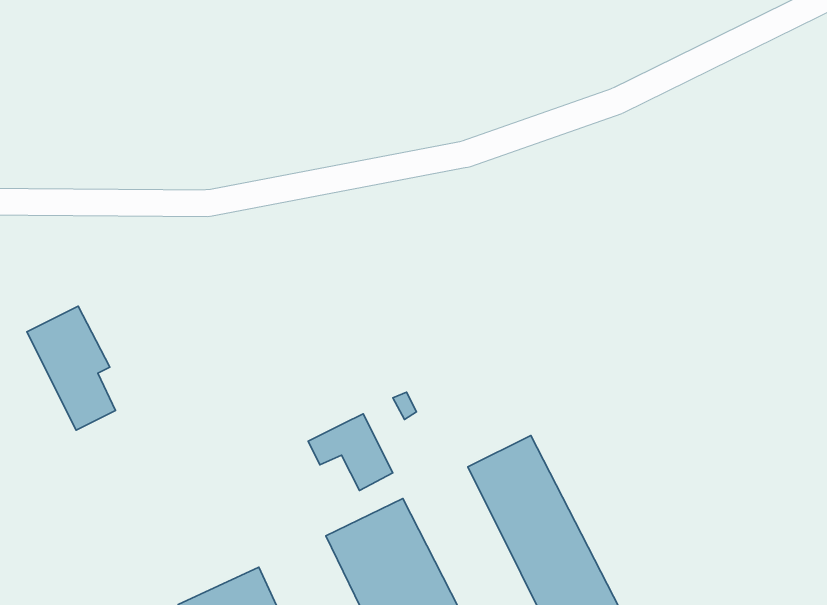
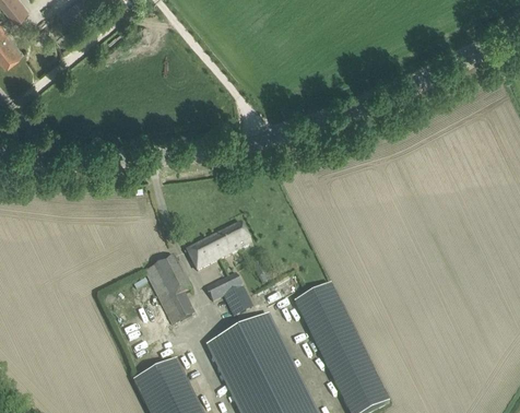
building: [27,306,116,430] -> [145,253,194,322]
building: none -> [187,221,251,267]

